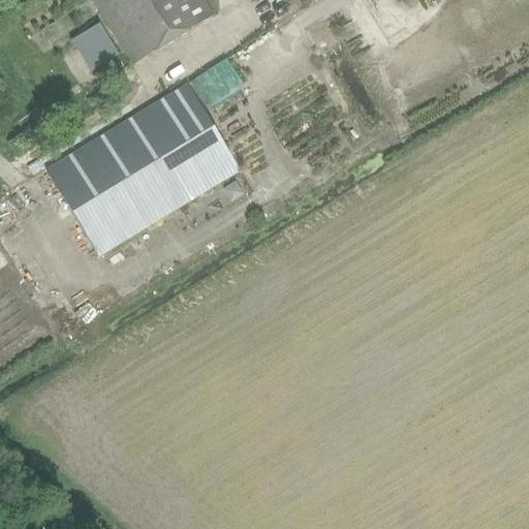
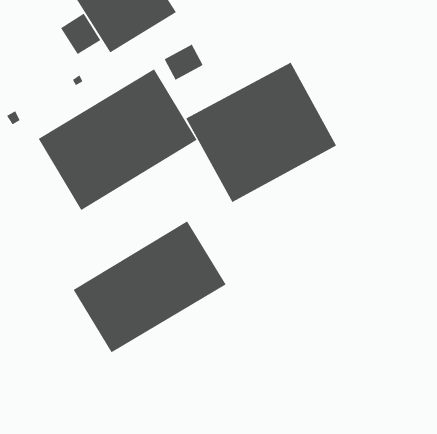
building: none -> [185,62,337,203]
building: none -> [73,221,227,353]

